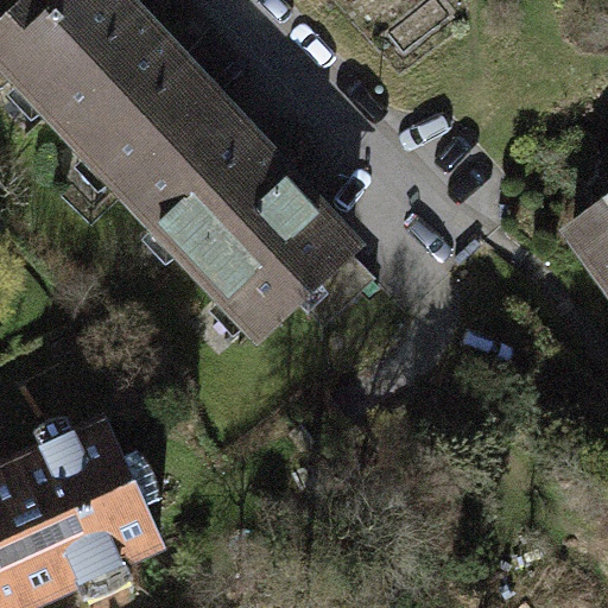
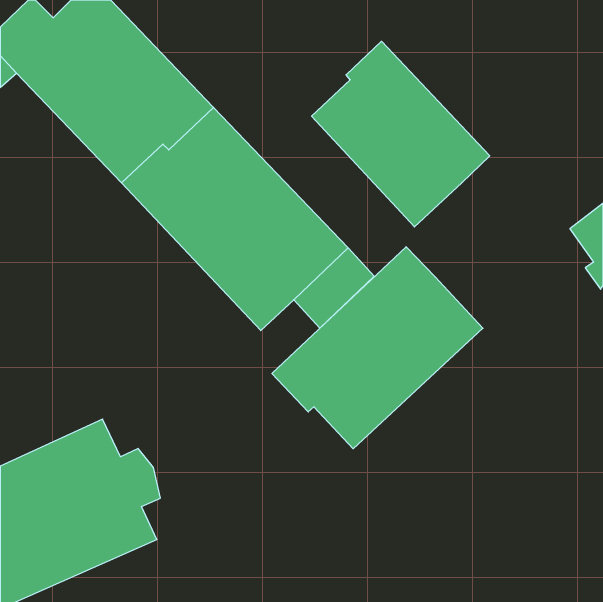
building: none -> [312,41,490,227]
building: none -> [272,247,483,449]

